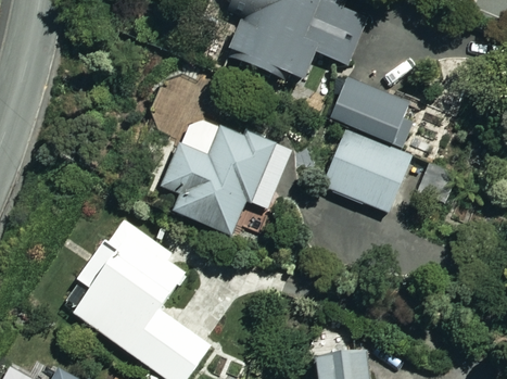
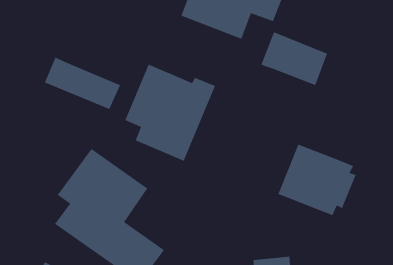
building: none -> [44,57,121,110]
building: [319,122,417,211] -> [278,144,357,216]

